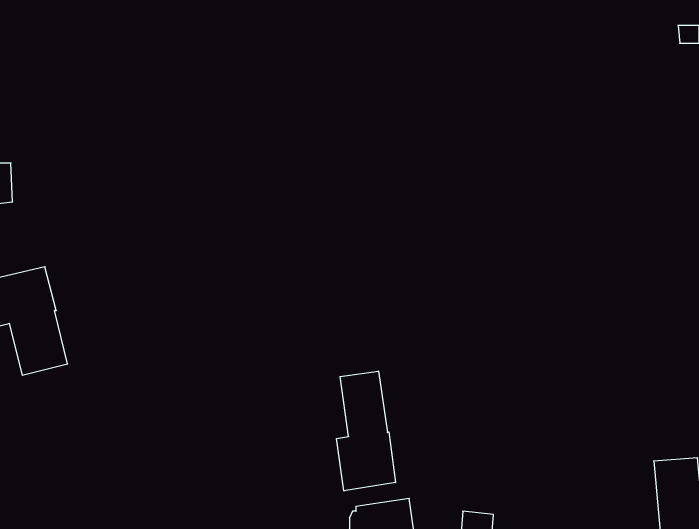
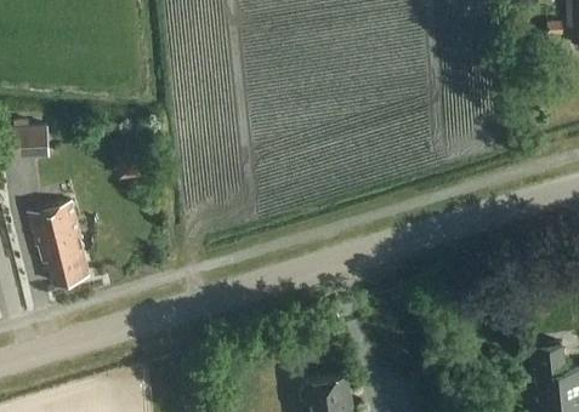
building: [337,371,396,491] -> none

